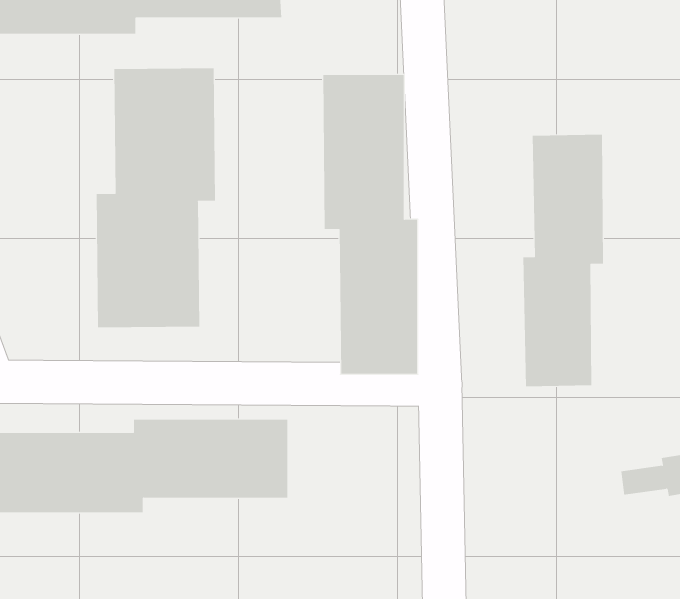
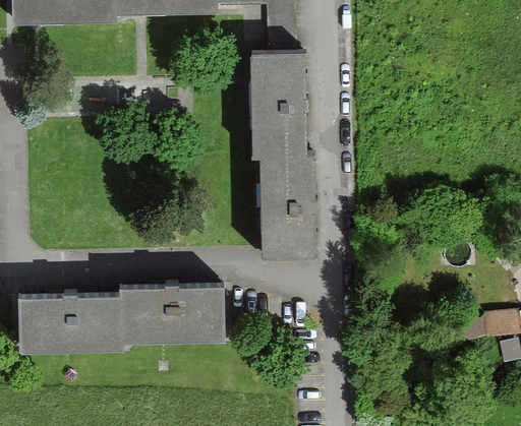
building: [96,68,216,328] -> none
building: [523,134,604,387] -> none

